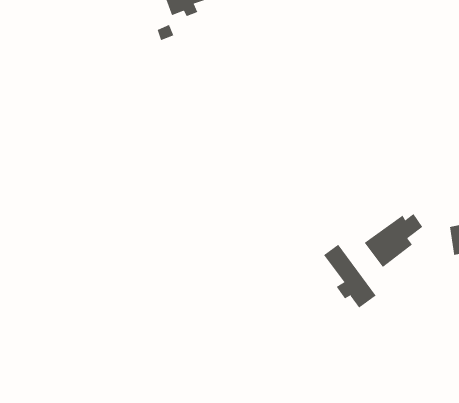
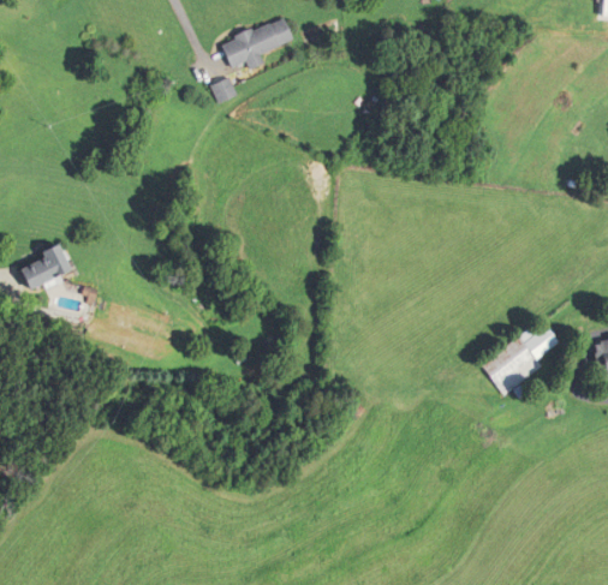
building: none -> [20,246,78,289]
building: [323,244,377,309] -> none

